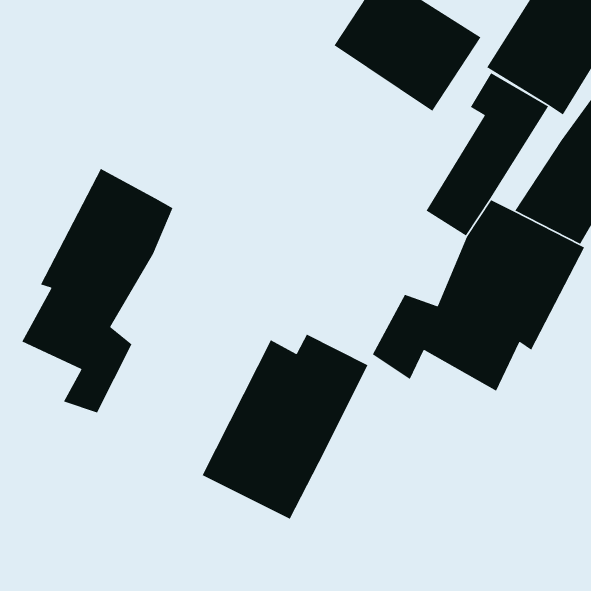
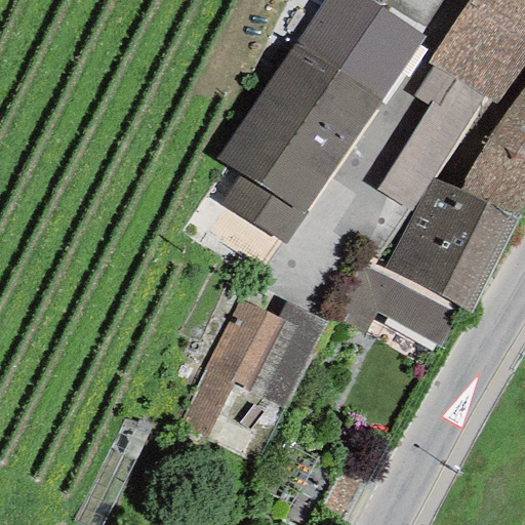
building: none -> [219,40,385,244]
building: [21,168,174,414] -> none

